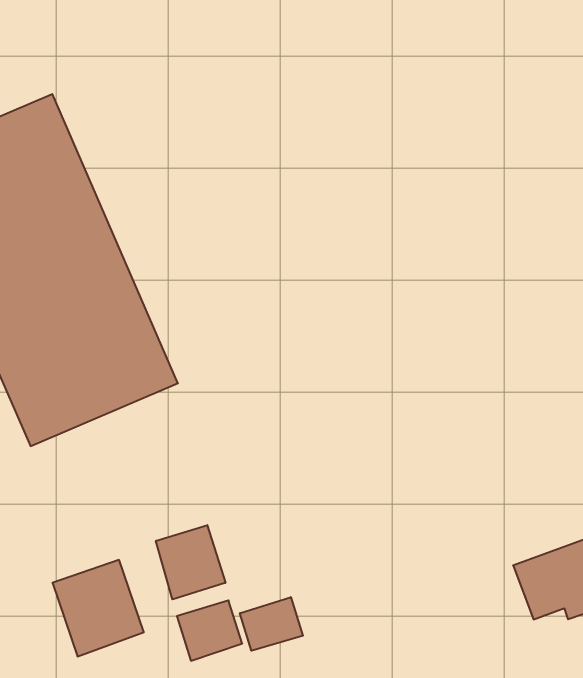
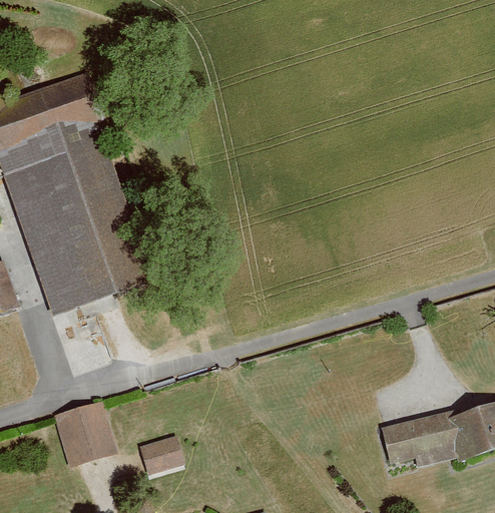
building: [156,525,225,599] -> none
building: [240,597,303,651] -> none

